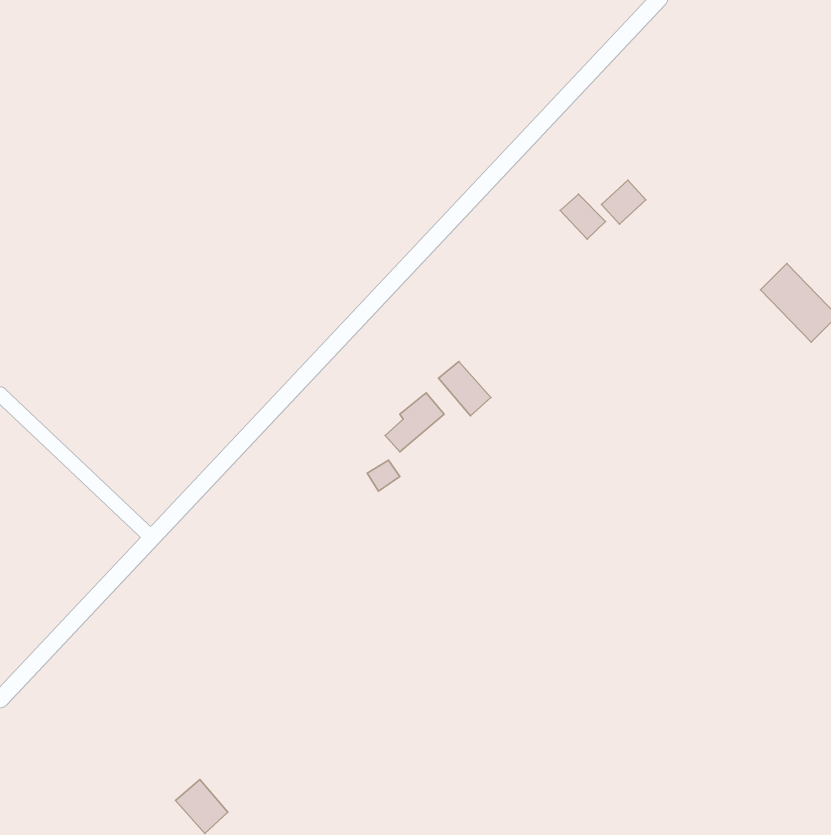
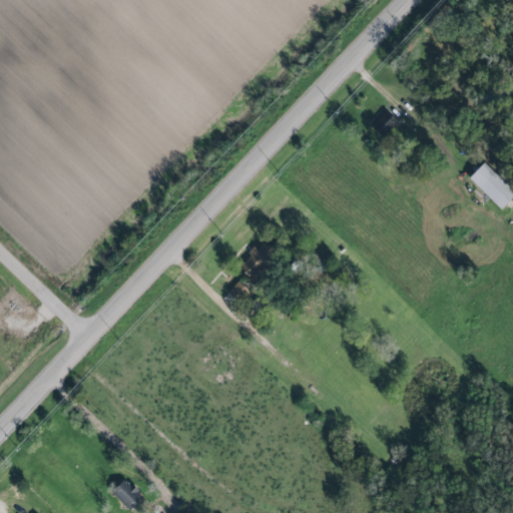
building: [560,194,605,239] -> none
building: [438,361,491,416] -> none

